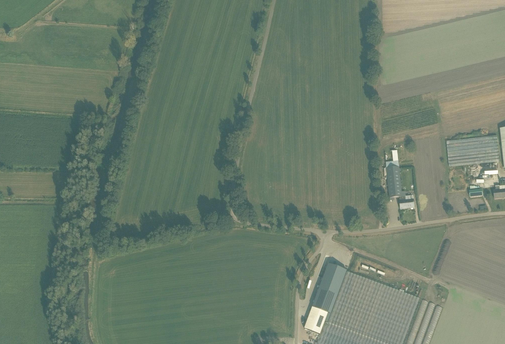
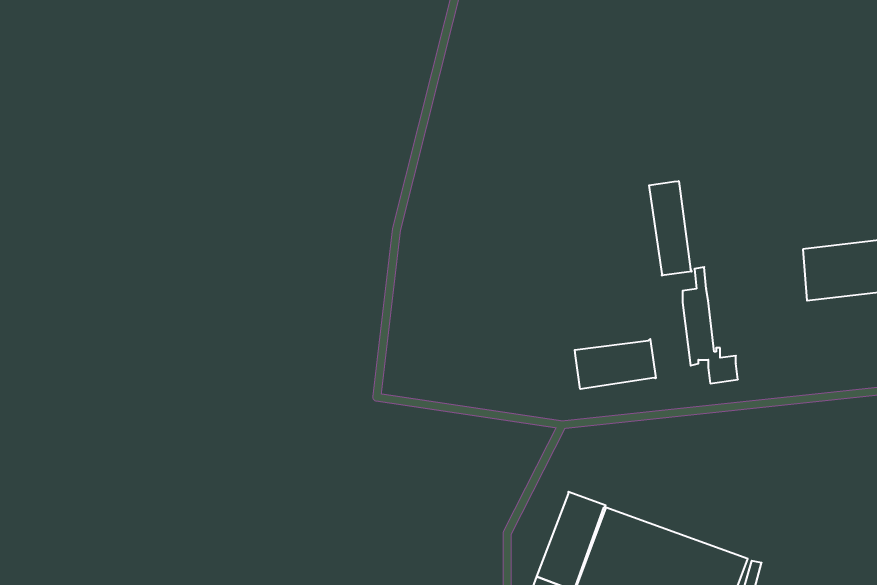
building: none -> [649,181,692,276]
building: none -> [575,339,656,389]

